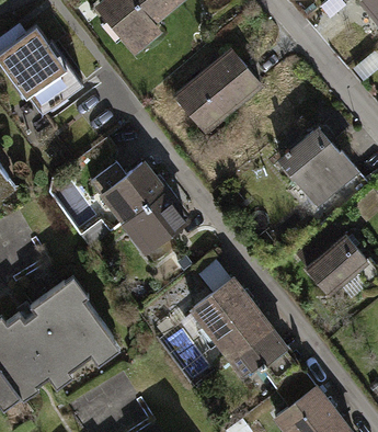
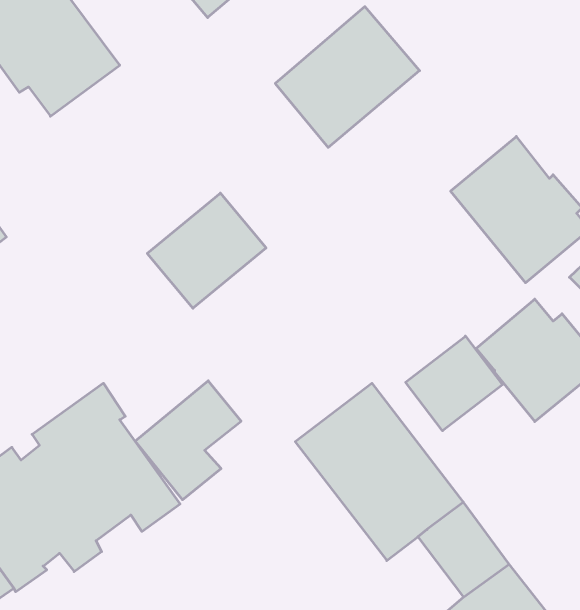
building: [126,193,190,264] -> [135,381,241,500]
building: none -> [406,336,502,431]

